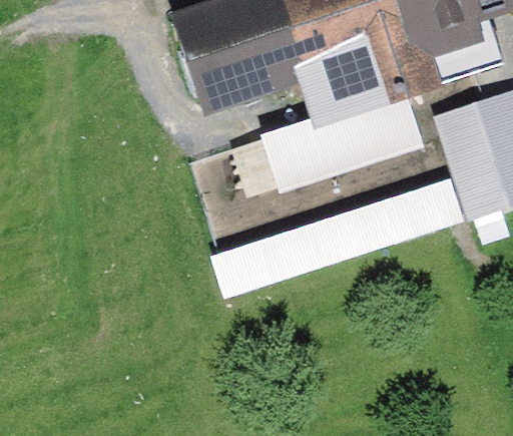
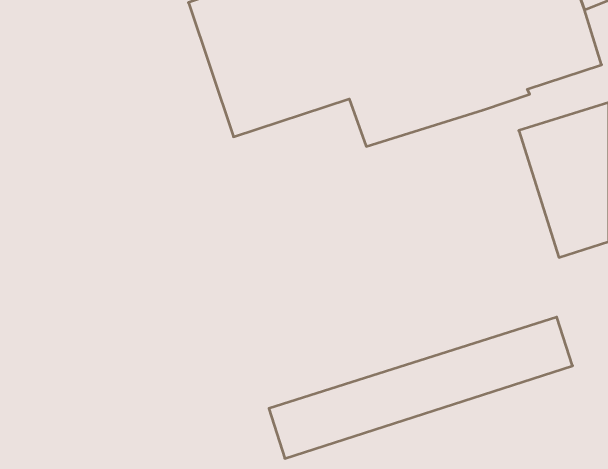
building: [265,97,424,190] -> none
building: [213,179,463,296] -> [269,317,573,458]

